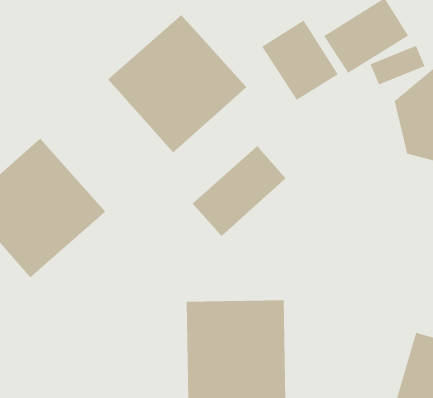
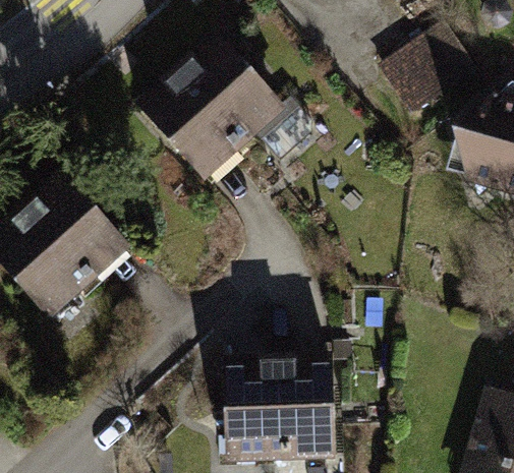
building: [261,19,339,101] -> none
building: [192,145,286,237] -> none

